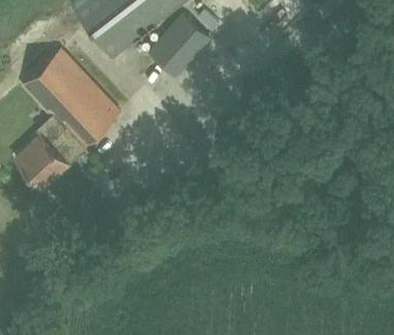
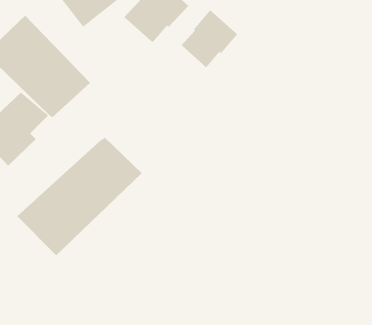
building: none -> [181,9,238,68]
building: none -> [17,137,142,256]

